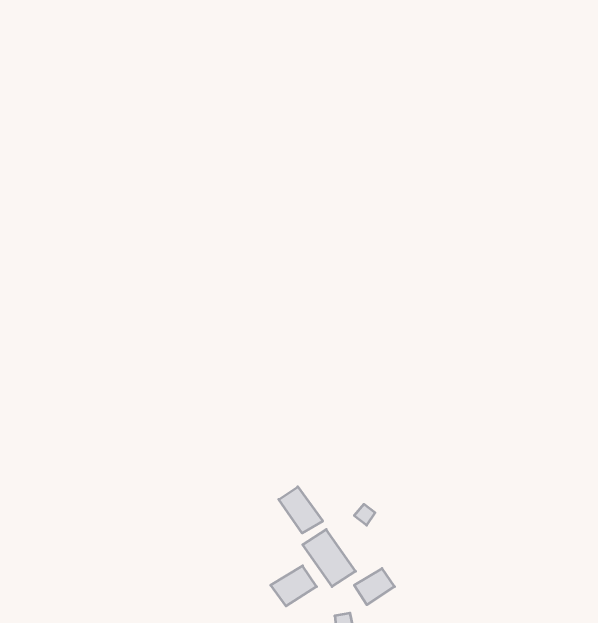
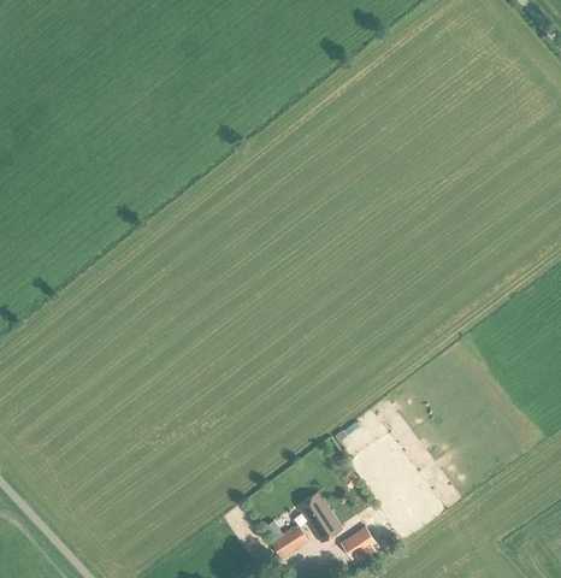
building: [279,487,323,533] -> none

